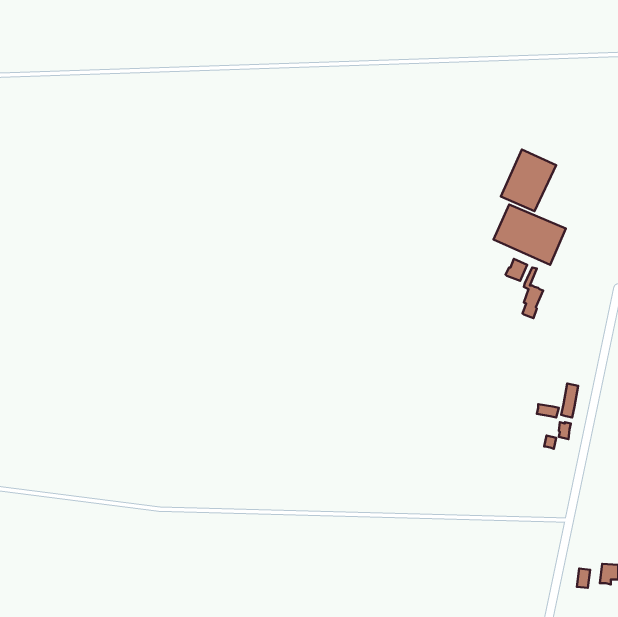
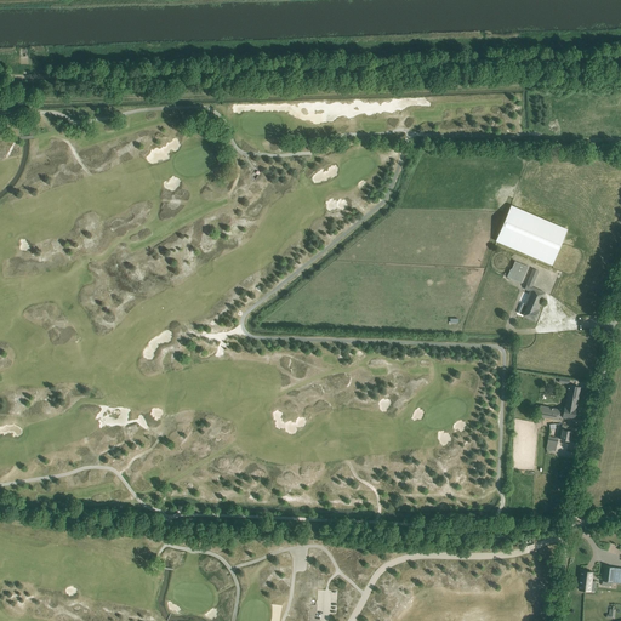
building: [501,149,556,211] -> none

